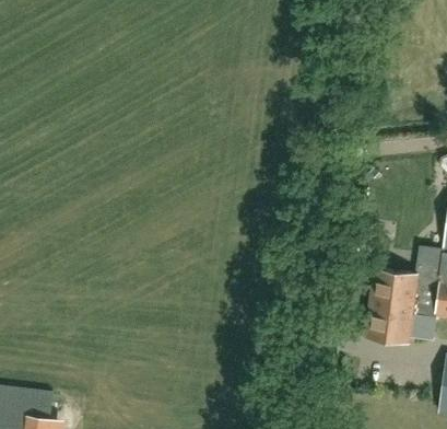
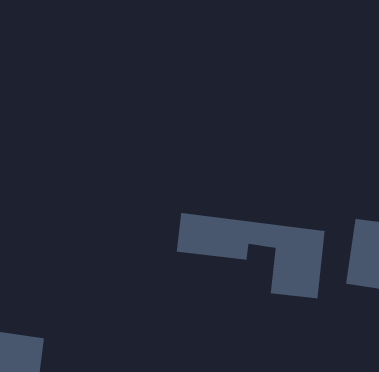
building: none -> [176,212,326,299]

